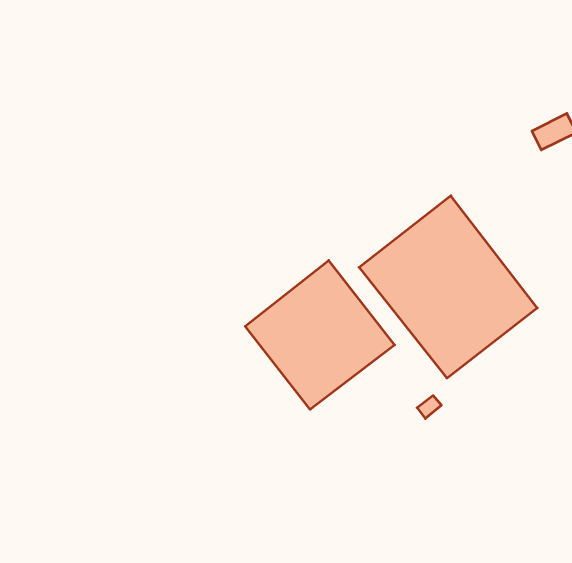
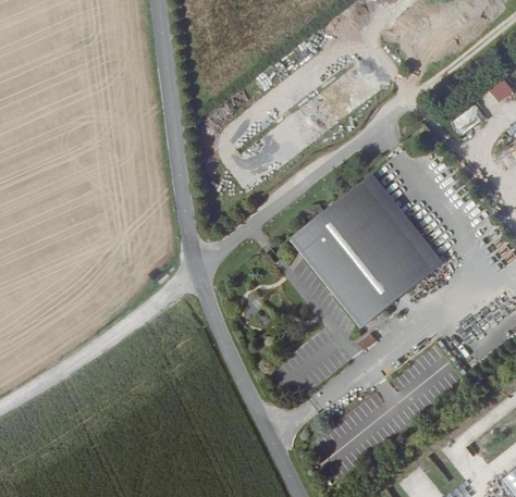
building: [245,260,395,409] -> none

